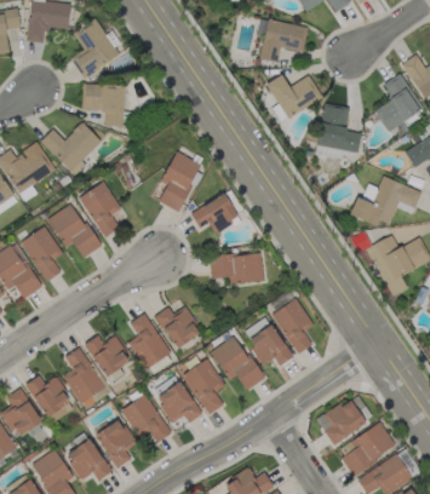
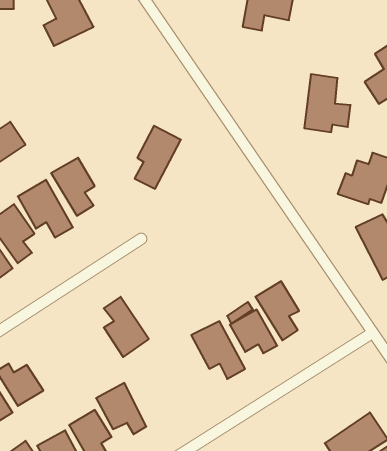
building: [268,75,321,117] -> none
building: [81,84,125,126] -> none
building: [40,122,102,172] -> none
building: [190,195,239,231] -> none
building: [208,251,264,285] -> none
building: [156,306,201,349] -> none
building: [85,335,131,377] -> none
building: [63,347,108,408] -> none
building: [183,358,224,414] -> none
building: [155,380,201,423] -> none
building: [316,394,368,444] -> none

